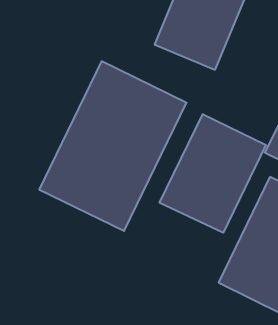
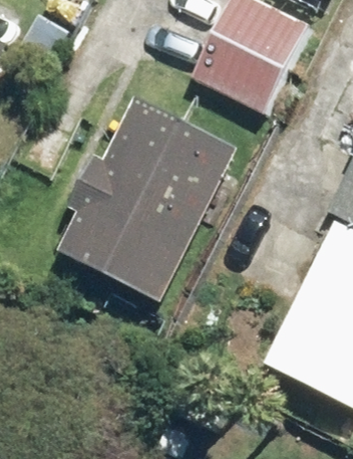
building: [160,114,266,233] -> none

